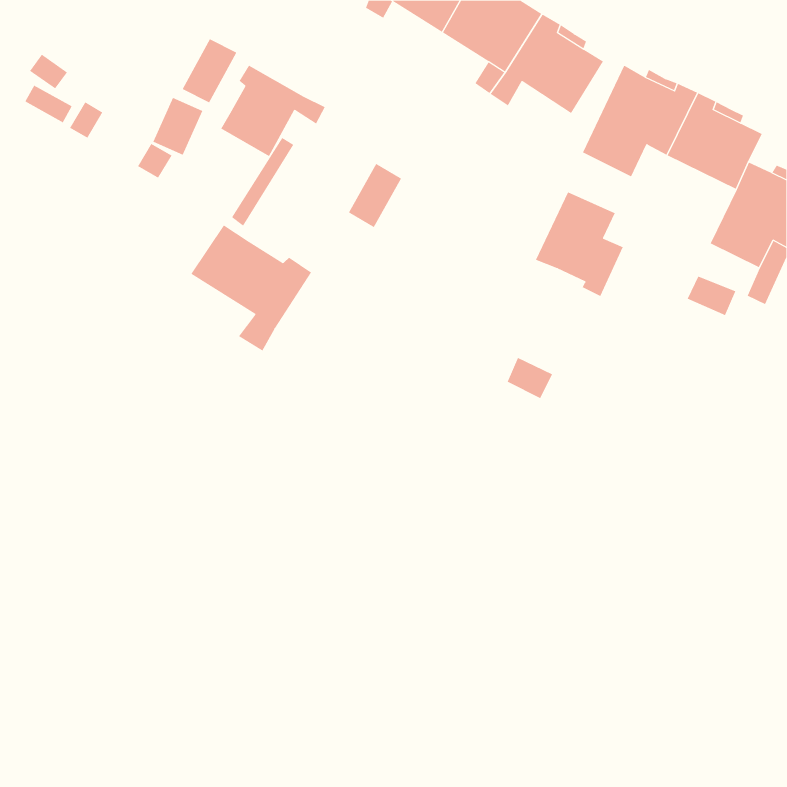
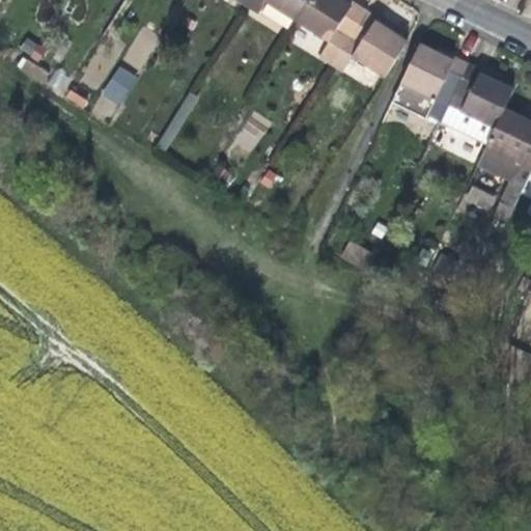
building: [221,65,326,157] -> none
building: [535,191,623,297] -> none
building: [190,224,312,351] -> none

